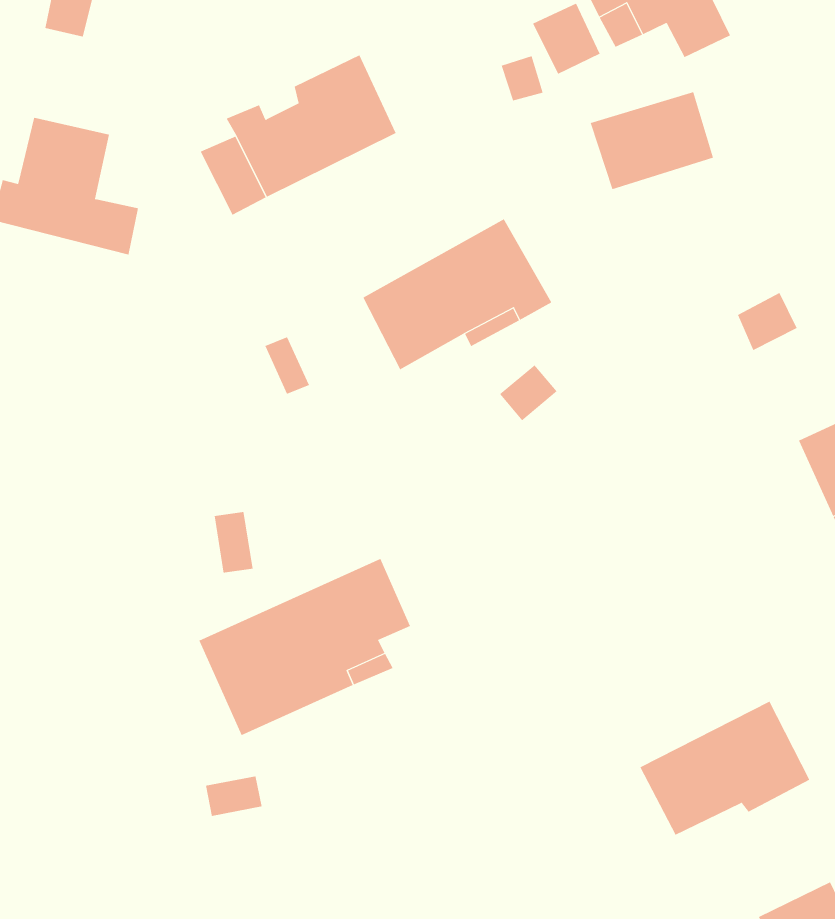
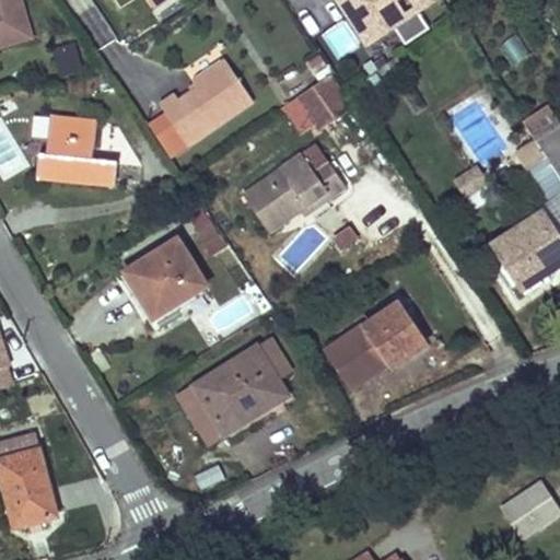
building: [590,91,714,190] -> [280,73,350,132]
building: none -> [124,238,205,317]
building: [640,701,810,836] -> [330,303,424,383]

